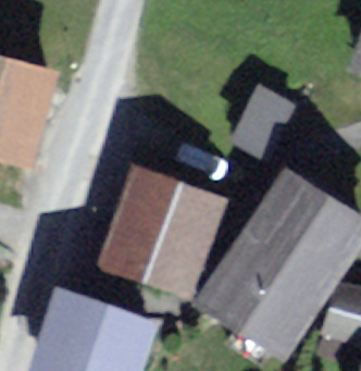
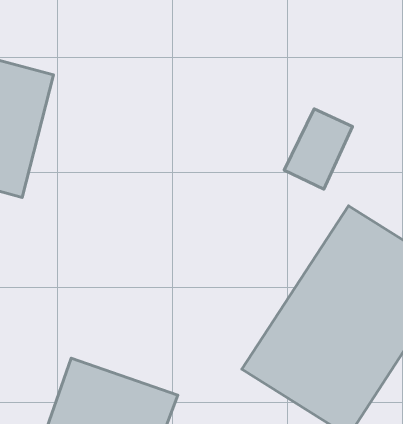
building: [105,170,217,287] -> none

